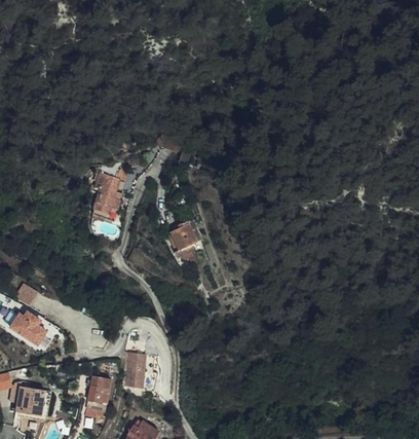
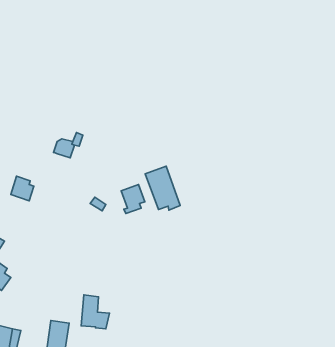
building: [90,191,116,219] -> [11,176,34,201]
building: none -> [145,166,180,210]

